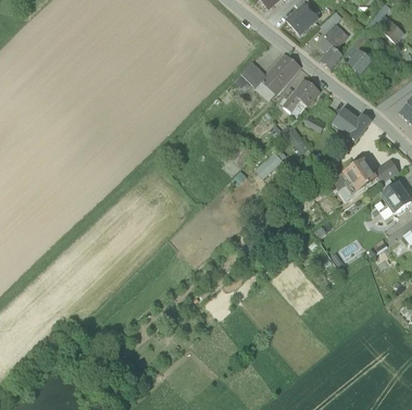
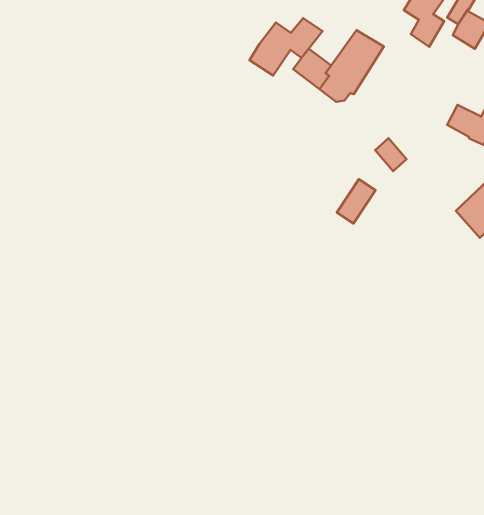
building: none -> [250,18,322,76]
building: [283,78,319,111] -> none

